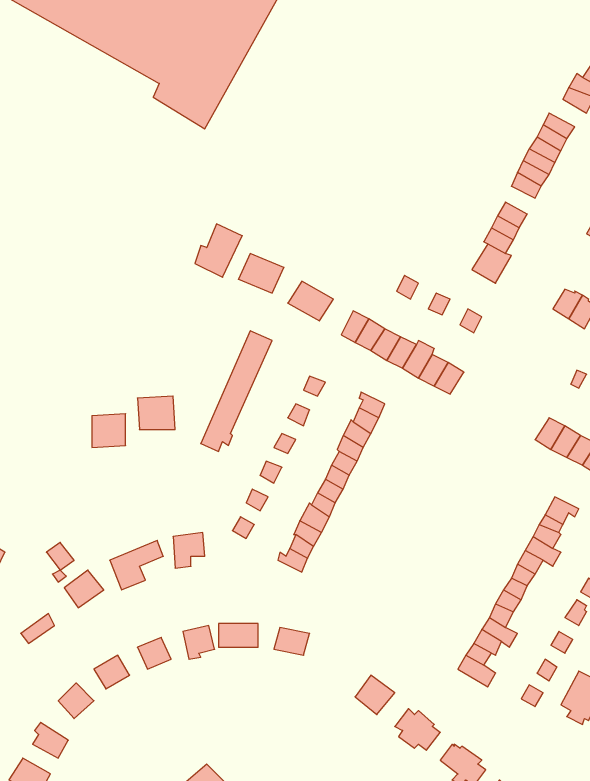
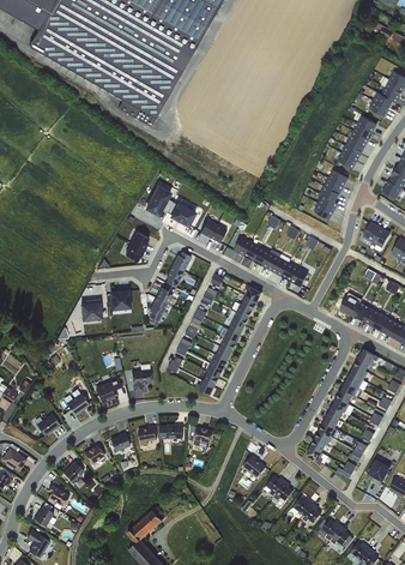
building: none -> [121,228,150,260]

